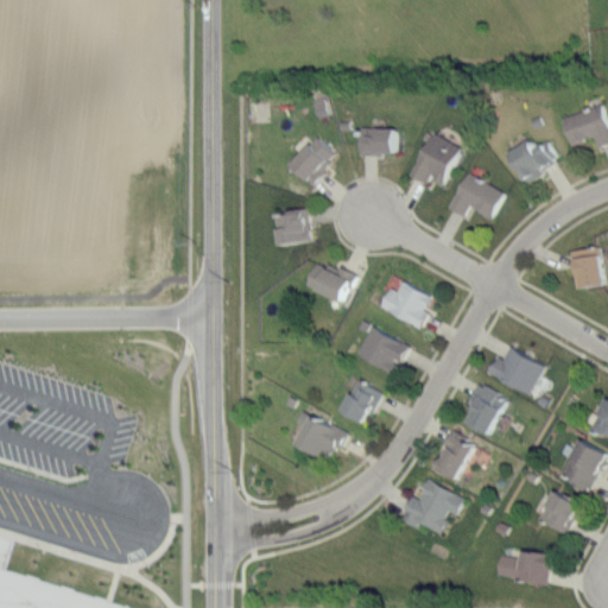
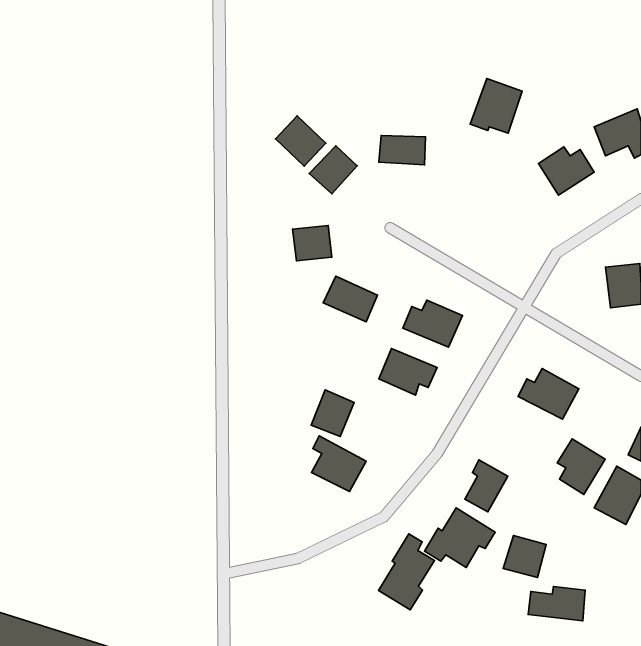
building: none -> [276,116,326,166]
building: [411,134,460,185] -> [470,79,522,133]
building: [445,173,504,218] -> none
building: [338,380,379,424] -> [311,390,354,437]
building: [463,384,508,436] -> [557,439,605,495]
building: [538,492,578,531] -> [503,536,546,577]
building: none -> [378,534,434,610]

